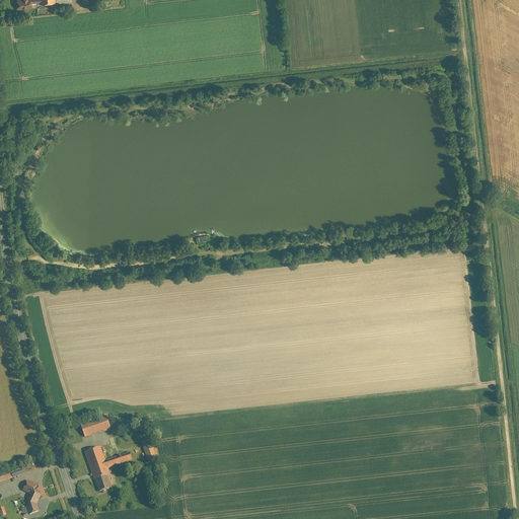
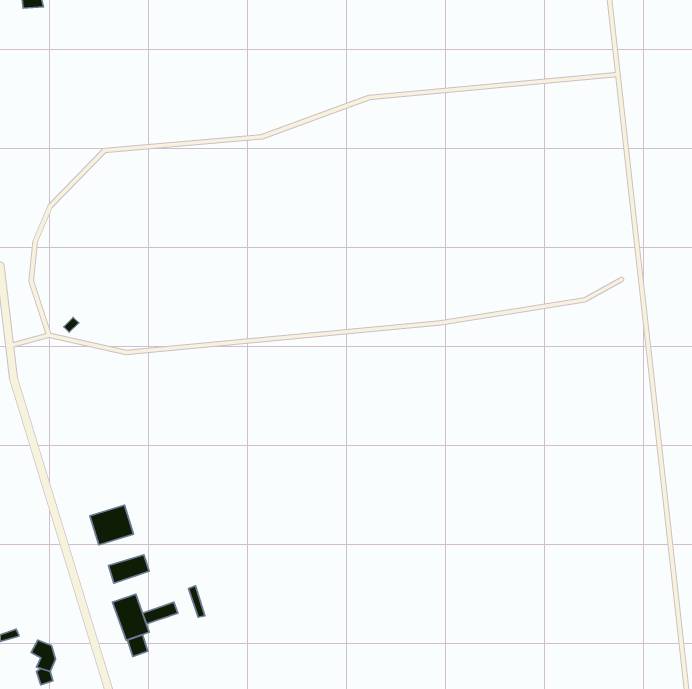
building: none -> [90,505,134,545]

